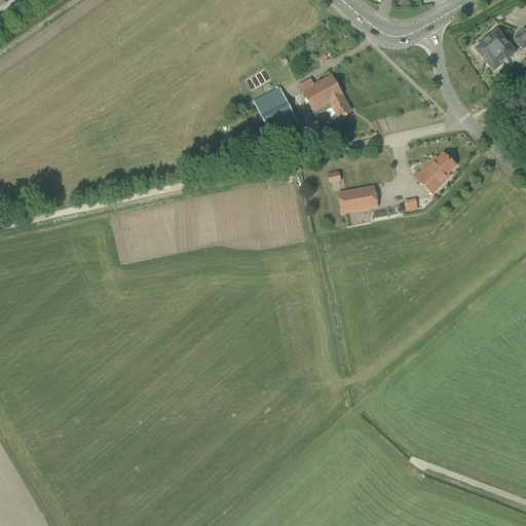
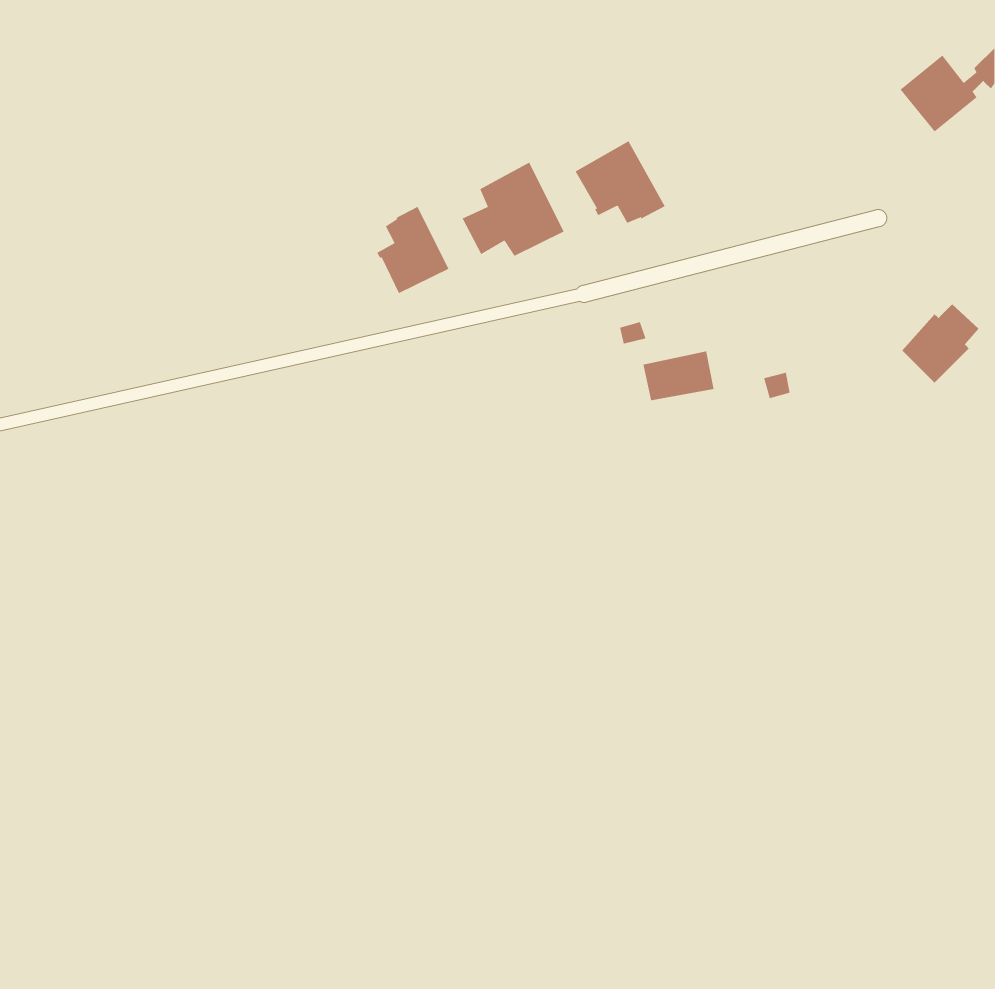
building: none -> [376,206,450,294]
building: [416,151,457,193] -> [901,304,979,383]

